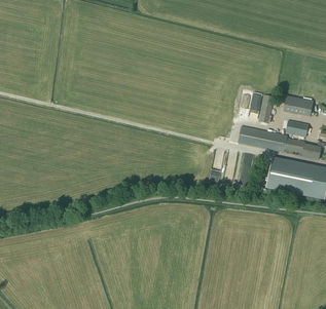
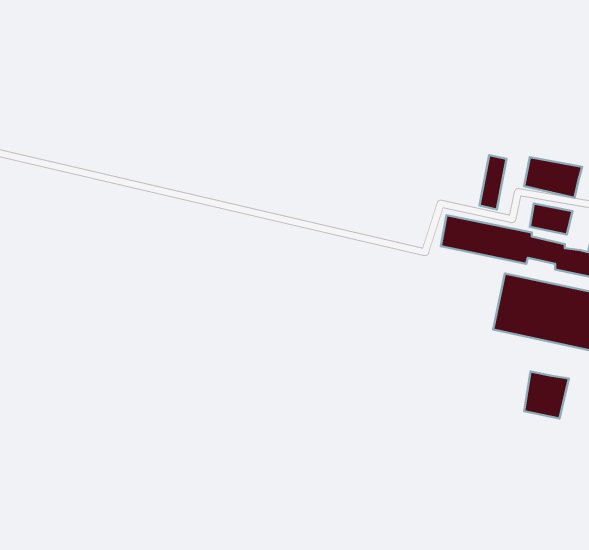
building: none -> [524,372,569,419]

